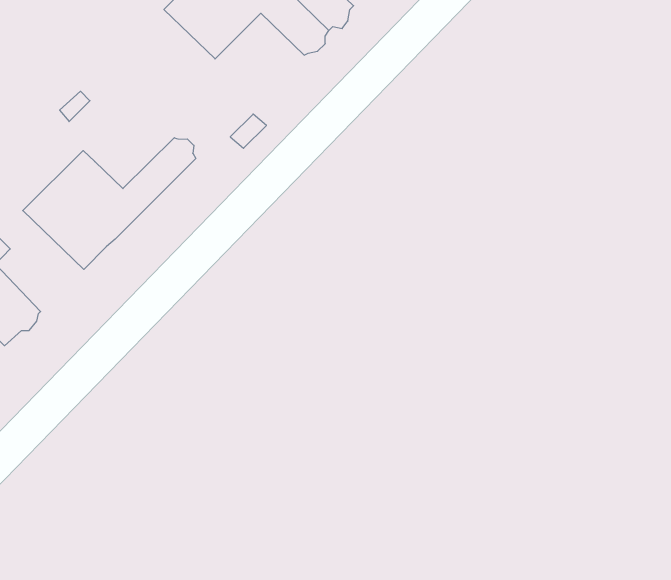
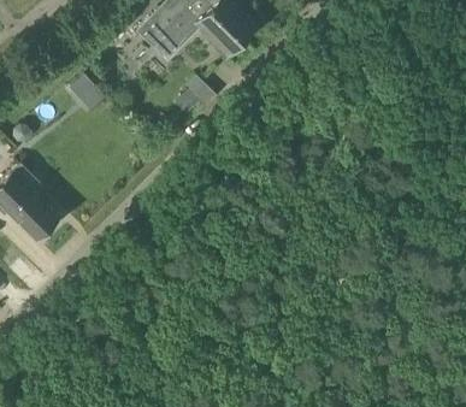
building: [23,138,196,269] -> none

